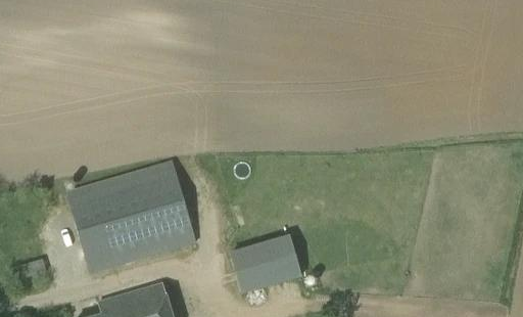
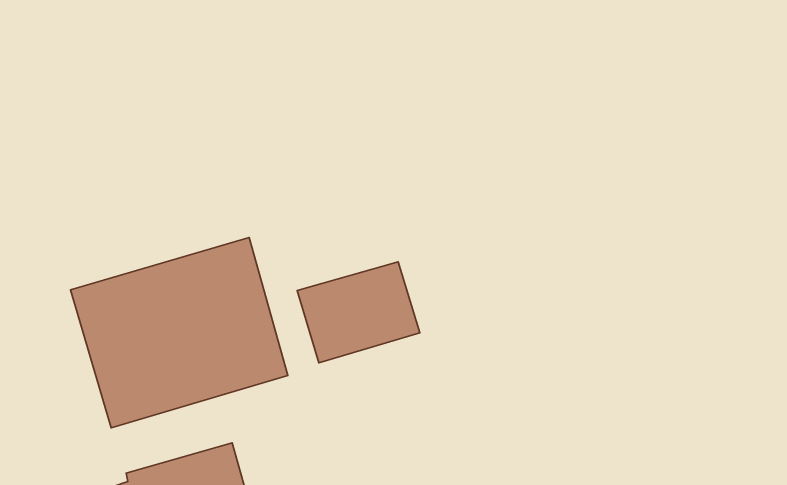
building: [228,233,302,295] -> [297,262,420,363]

